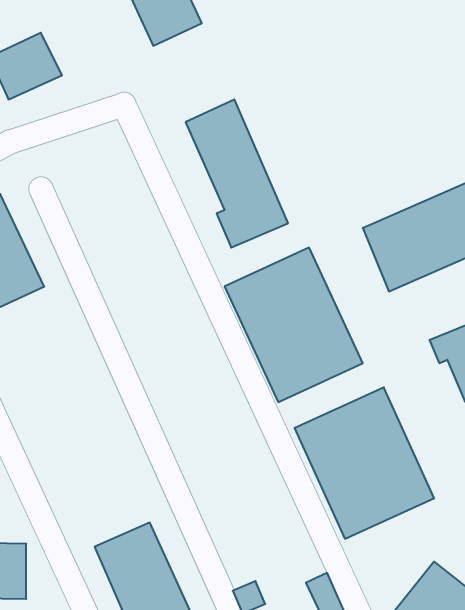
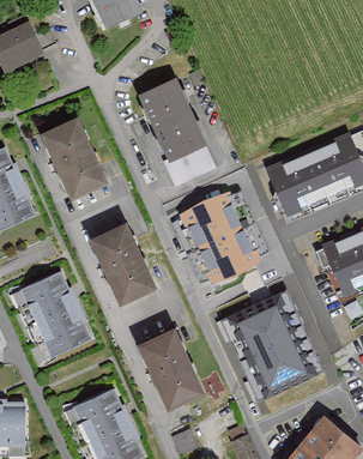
building: none -> [41,116,107,199]
building: none -> [89,222,155,304]
building: none -> [19,268,92,357]
building: none -> [137,327,202,409]

